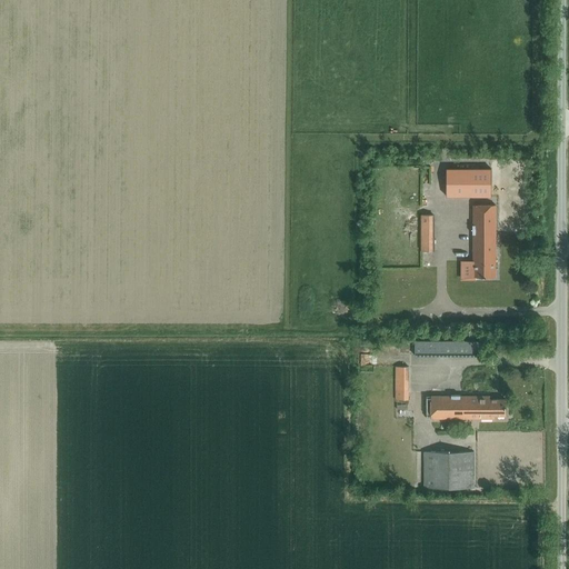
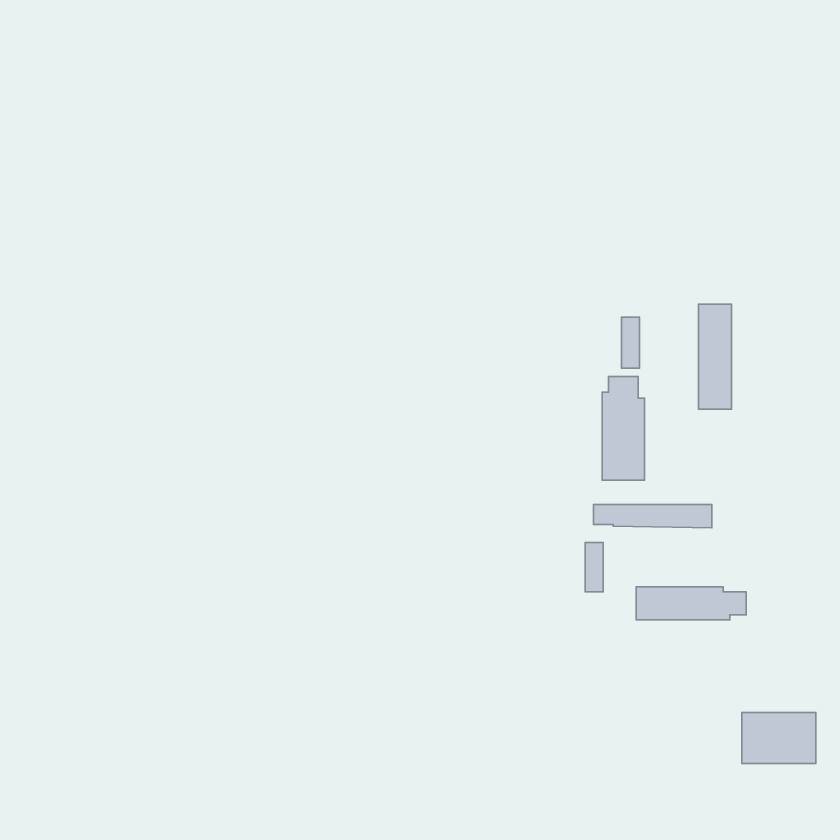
building: [446,164,491,197] -> none
building: none -> [602,377,645,480]
building: [423,452,473,487] -> [742,713,816,763]

